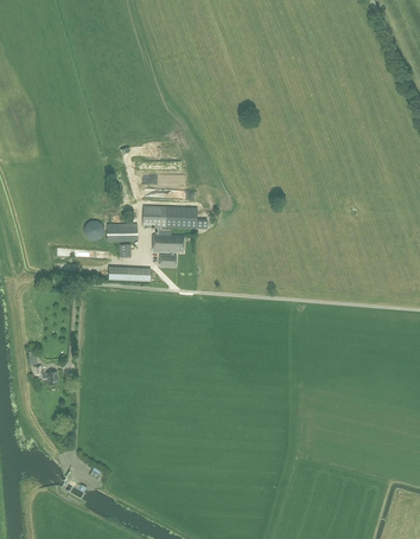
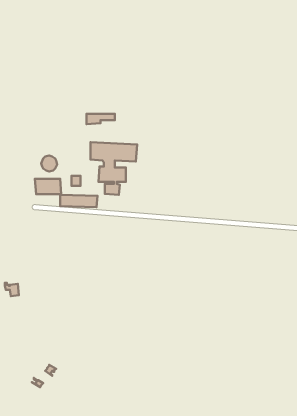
building: [107,223,138,240] -> [35,179,61,194]

